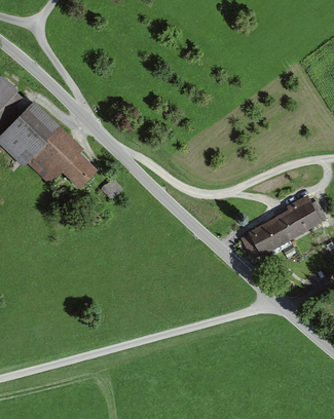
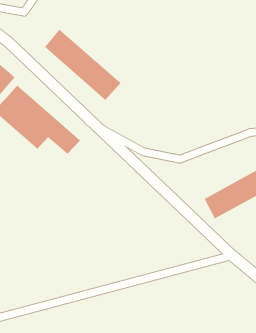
building: none -> [44,29,121,101]

